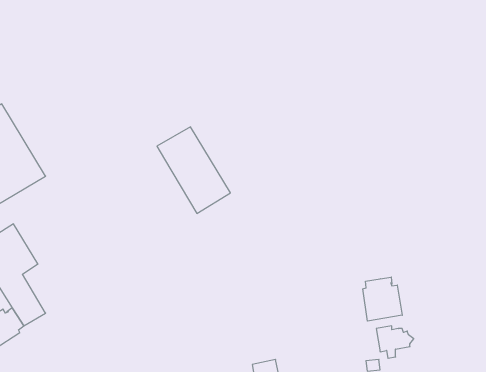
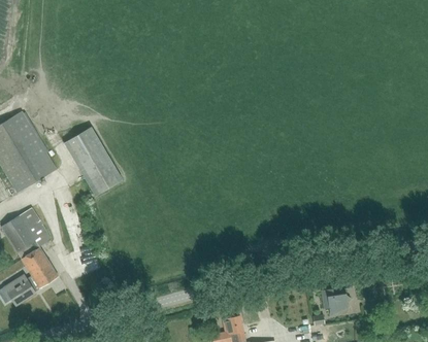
building: [157,127,230,213] -> [62,127,121,196]
building: [363,277,402,321] -> none

